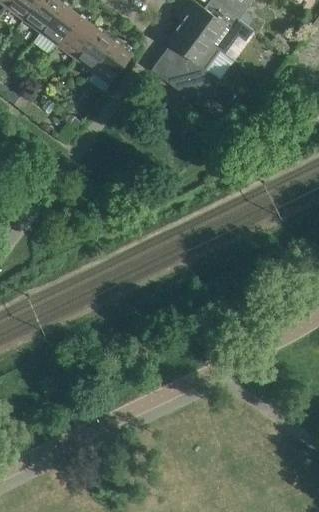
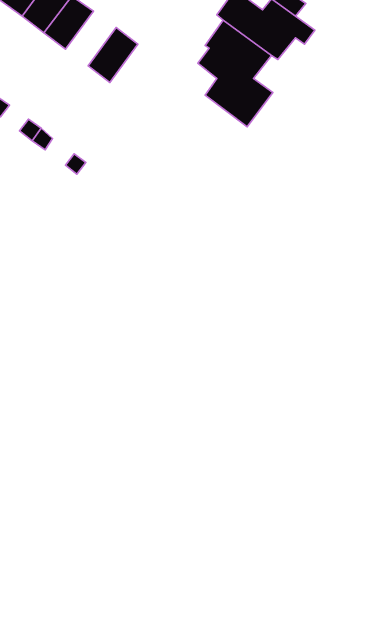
building: [57,14,97,57] -> none
building: [92,40,132,83] -> none

